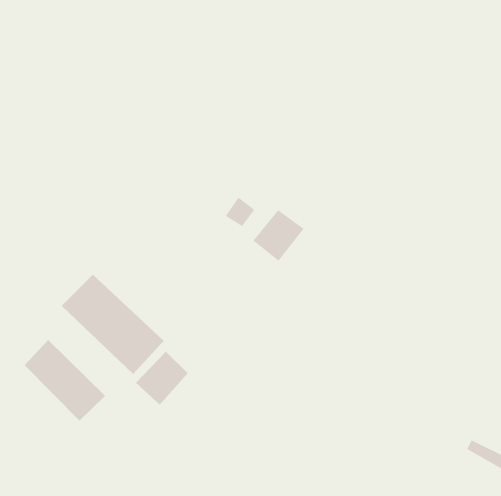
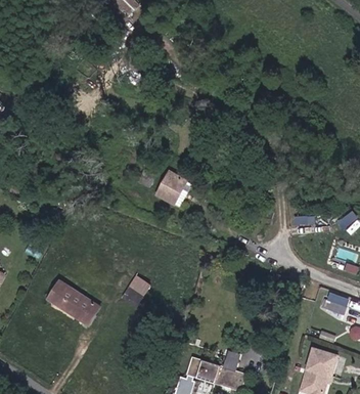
building: [61,274,165,375] -> none

